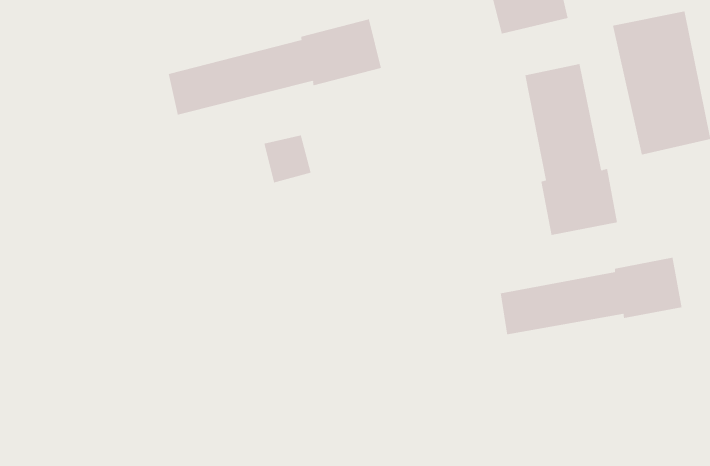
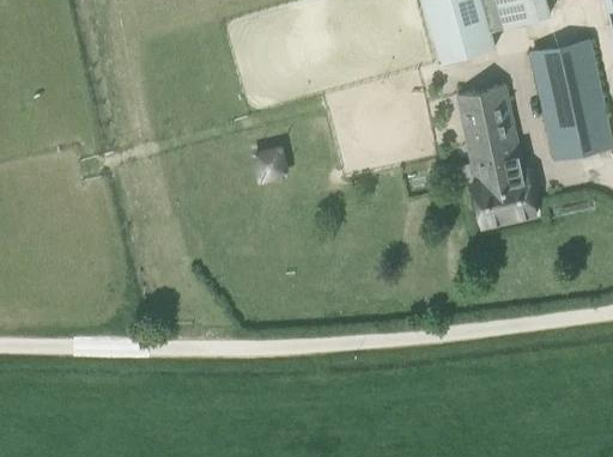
building: [168,18,381,115] -> none
building: [500,257,682,335] -> none

